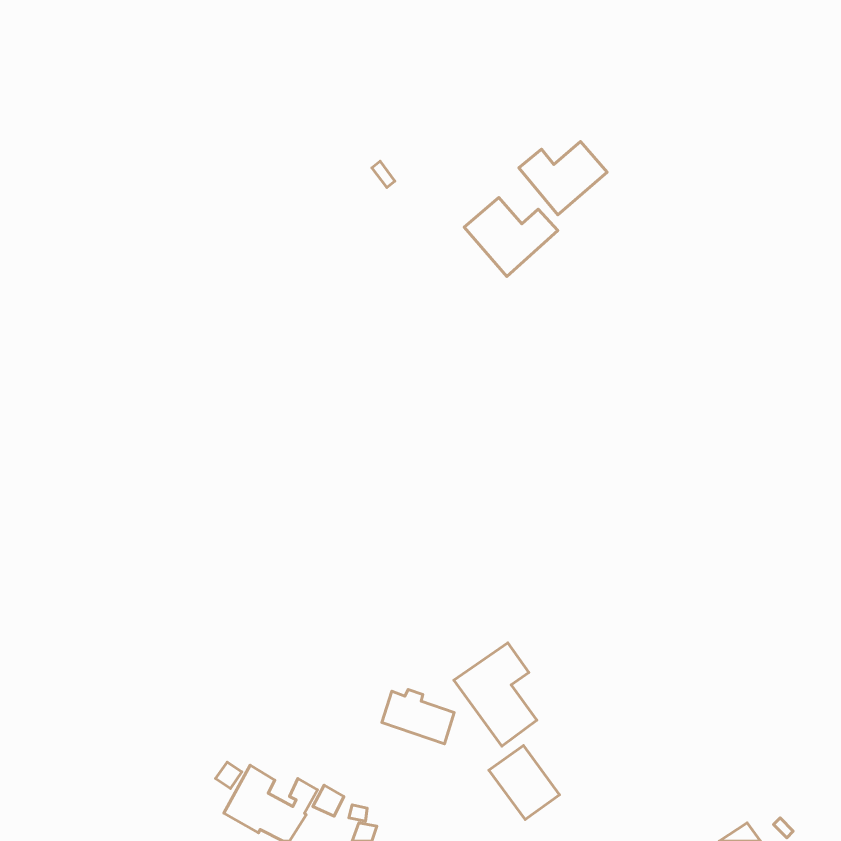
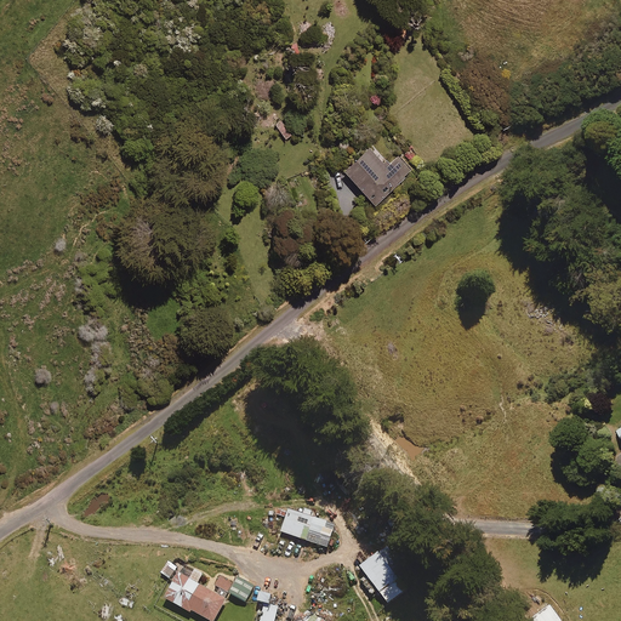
building: [519,142,607,215] -> none
building: [454,643,537,746] -> none

